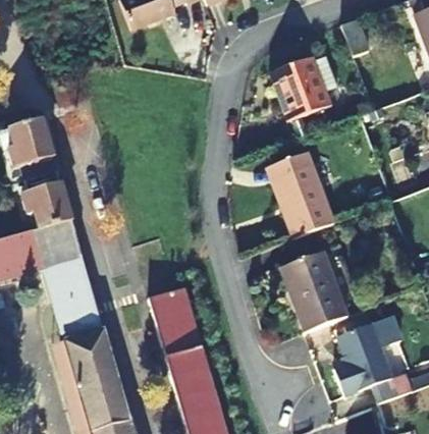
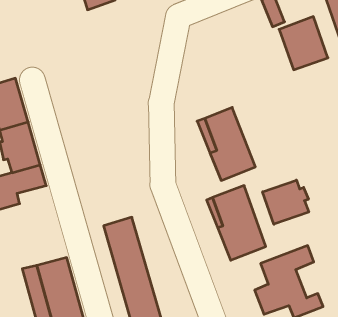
building: [272,53,330,116] -> [279,17,328,70]
building: none -> [263,180,309,224]
building: [46,245,105,339] -> none

